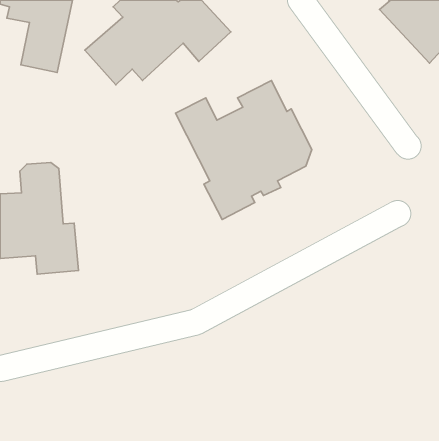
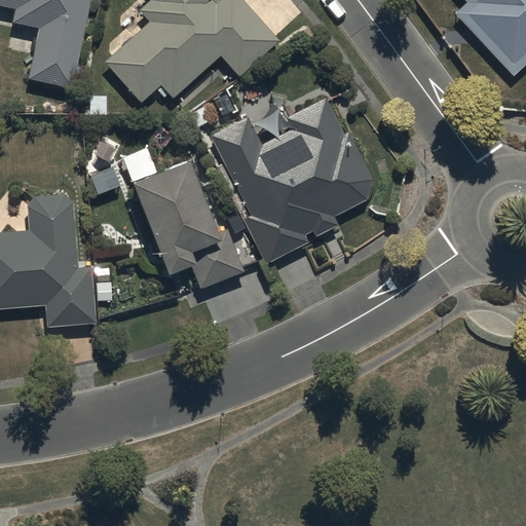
building: none -> [128,159,245,289]

